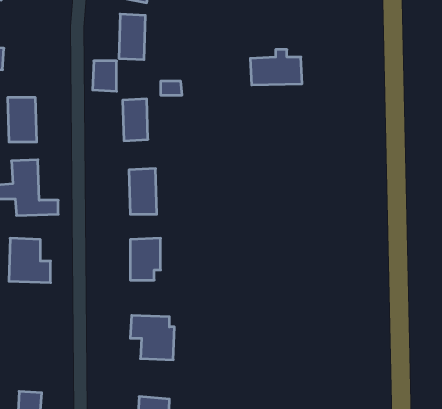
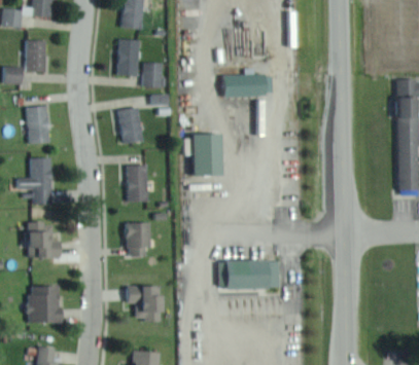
building: none -> [27,41,46,73]
building: [93,61,117,91] -> [142,64,162,88]
building: none -> [193,135,224,177]
building: none -> [219,260,280,289]
building: none -> [28,286,62,323]

